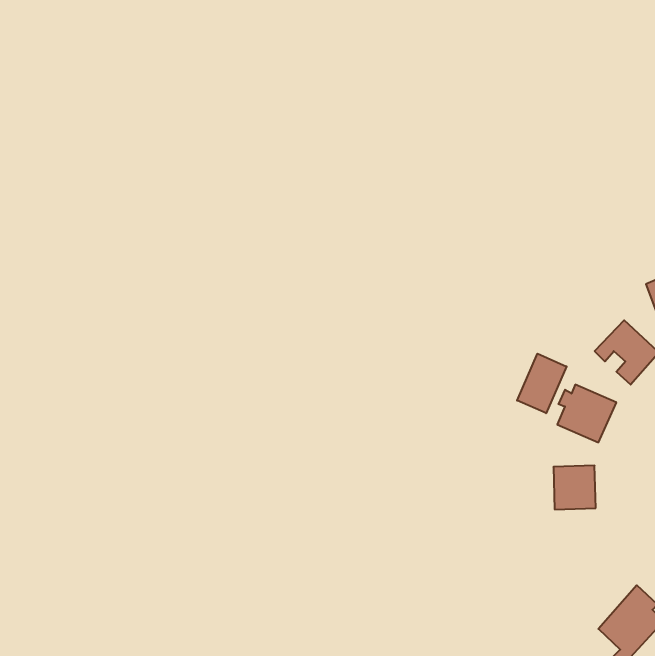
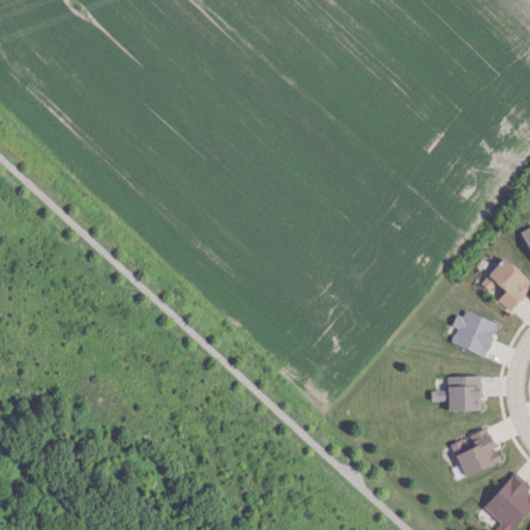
building: [517,354,567,413] -> none
building: none -> [450,428,501,476]

